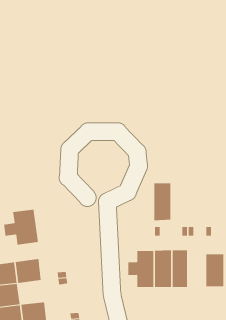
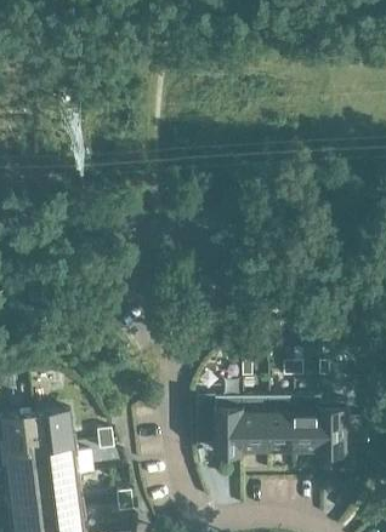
building: [154,183,171,221] -> [295,397,322,454]
building: [3,209,39,245] -> none
building: none -> [38,444,79,480]

